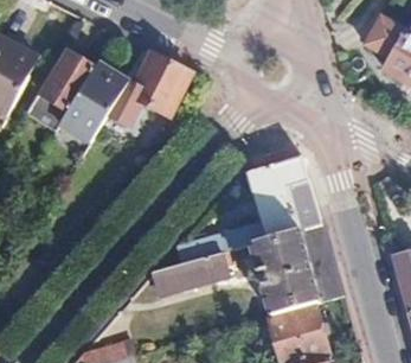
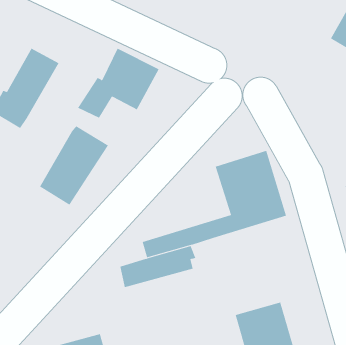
building: [60,60,130,141] -> [39,125,109,205]
building: [248,221,342,317] -> none

